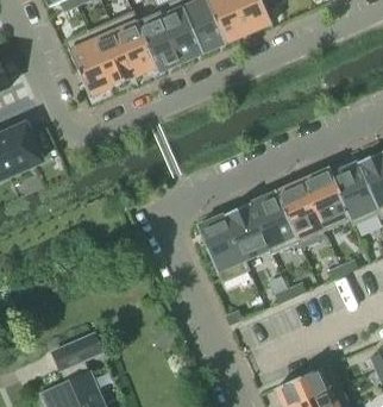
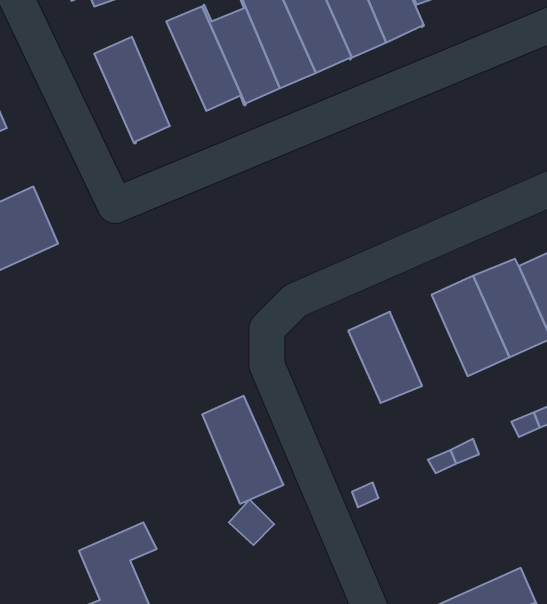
building: [87,20,133,86] -> none
building: [249,192,297,253] -> none
building: [196,214,247,282] -> [202,396,284,504]

